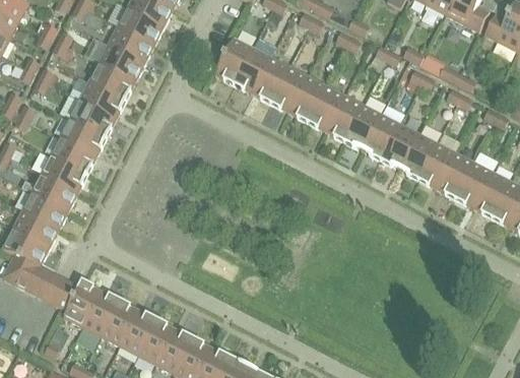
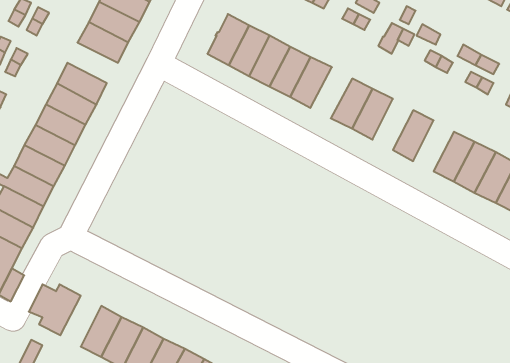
building: [88,62,134,99] -> none
building: [307,84,344,130] -> none
building: [363,113,399,159] -> none
building: [399,132,436,178] -> none
building: [82,290,119,335] -> none

